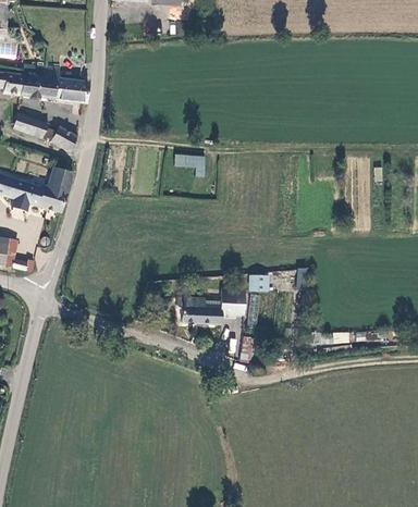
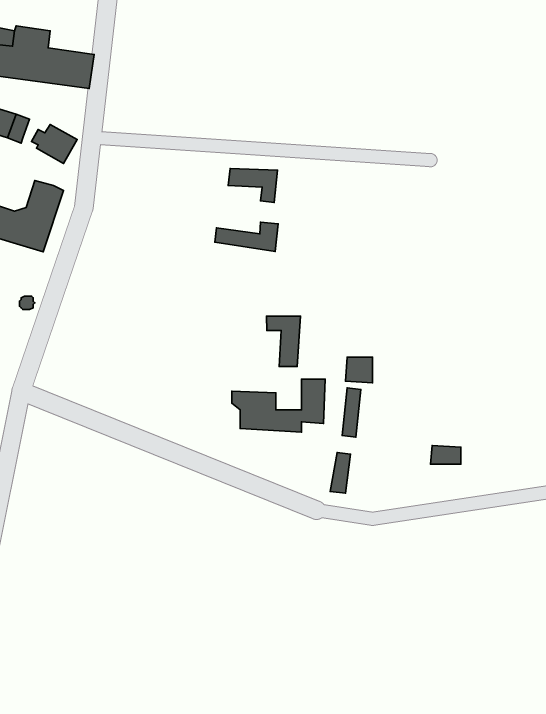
building: none -> [215,222,278,252]
building: none -> [266,316,301,367]

